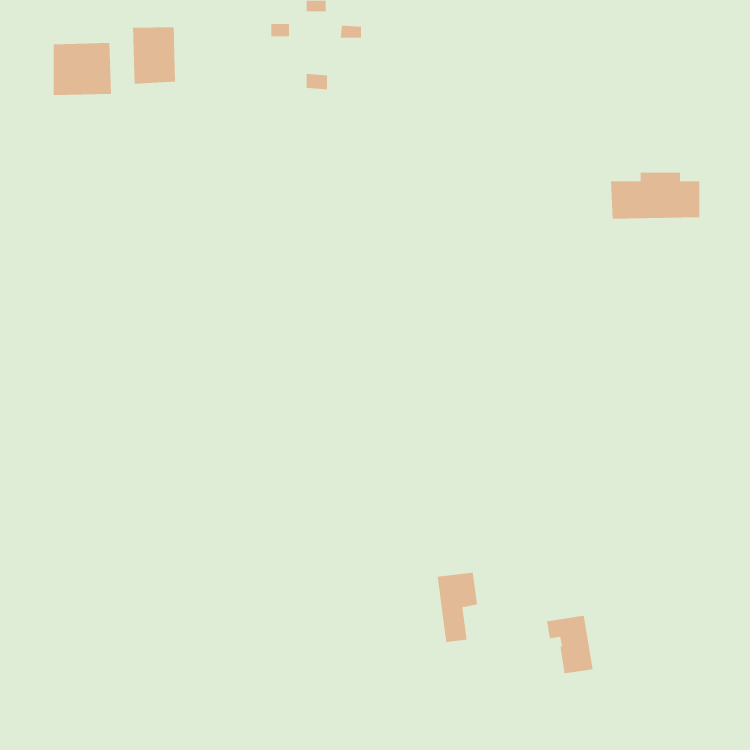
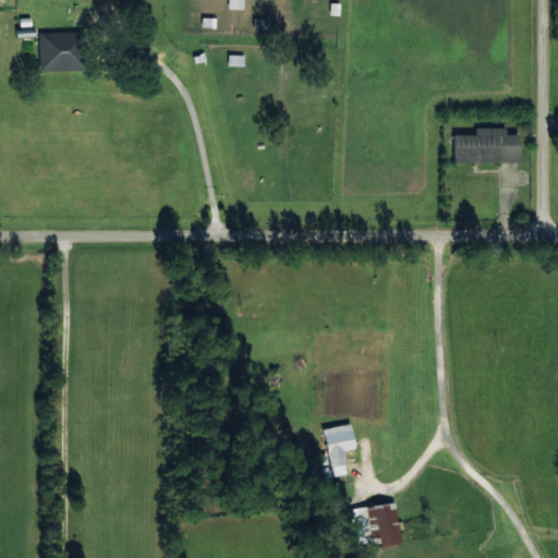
building: [133,26,176,84] -> none
building: [546,615,593,674] -> [366,504,401,547]

